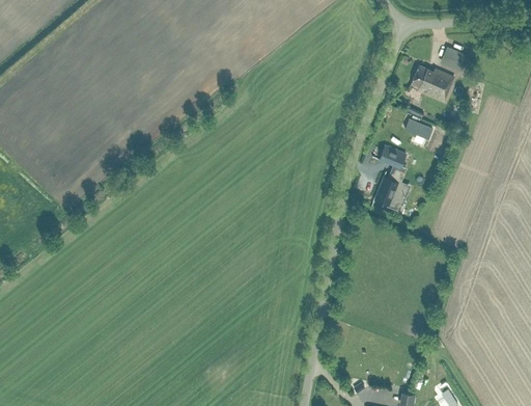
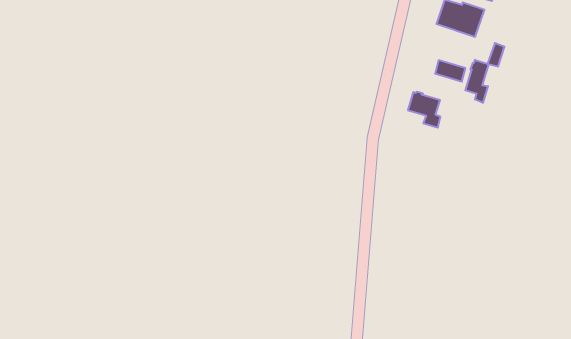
building: none -> [465,60,489,103]
building: [374,172,410,211] -> none

